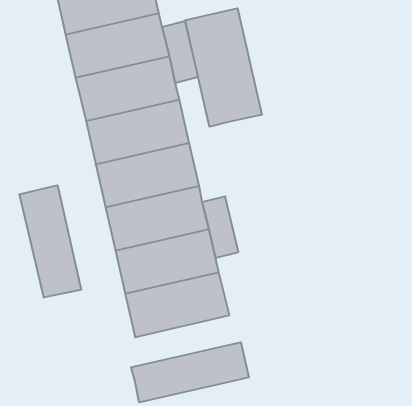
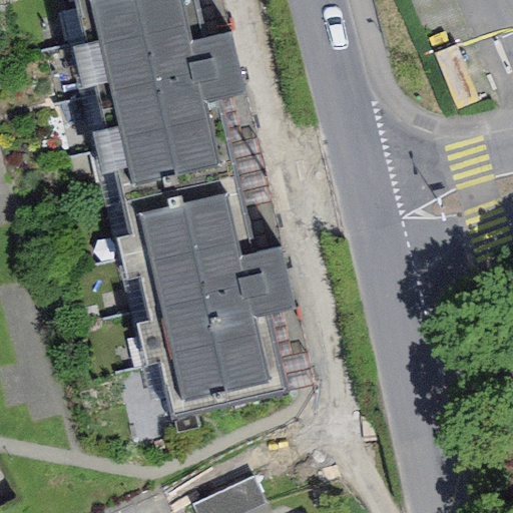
building: [185,8,262,127] -> none
building: [20,185,81,298] -> none
building: [131,342,249,402] -> none

